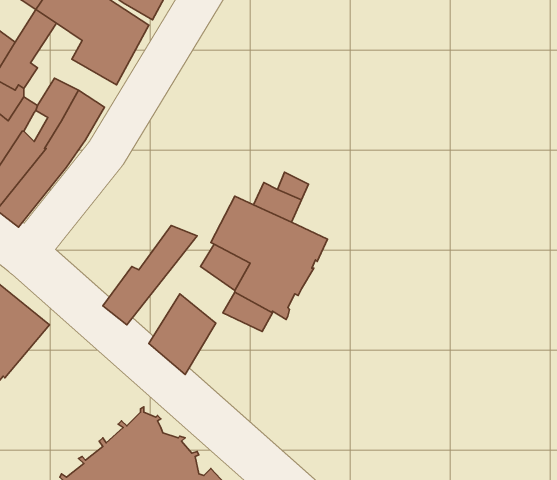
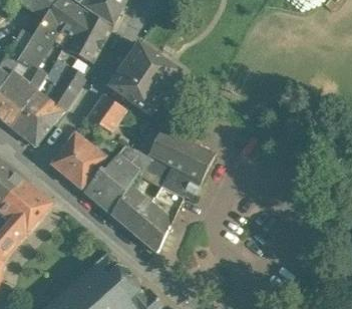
building: none -> [108,42,181,115]
building: none -> [87,93,126,130]
building: none -> [51,132,111,189]
building: none -> [98,164,139,214]
building: none -> [132,202,169,252]

